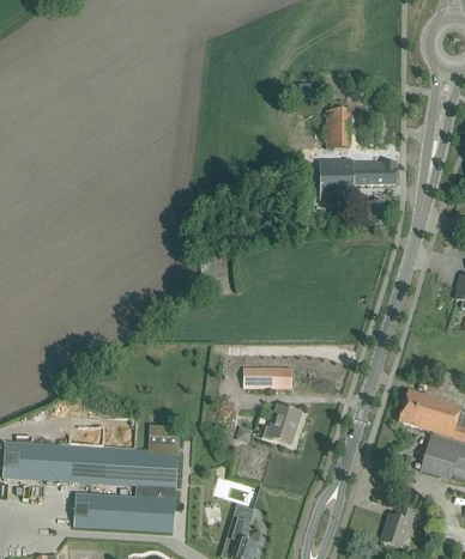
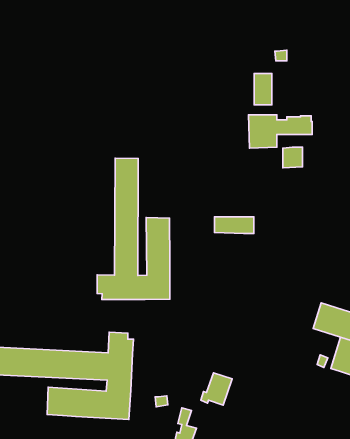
building: none -> [97,158,170,300]
building: [243,366,291,387] -> [214,217,254,233]
building: [262,403,301,443] -> [201,373,232,405]
building: [380,508,412,546] -> none

